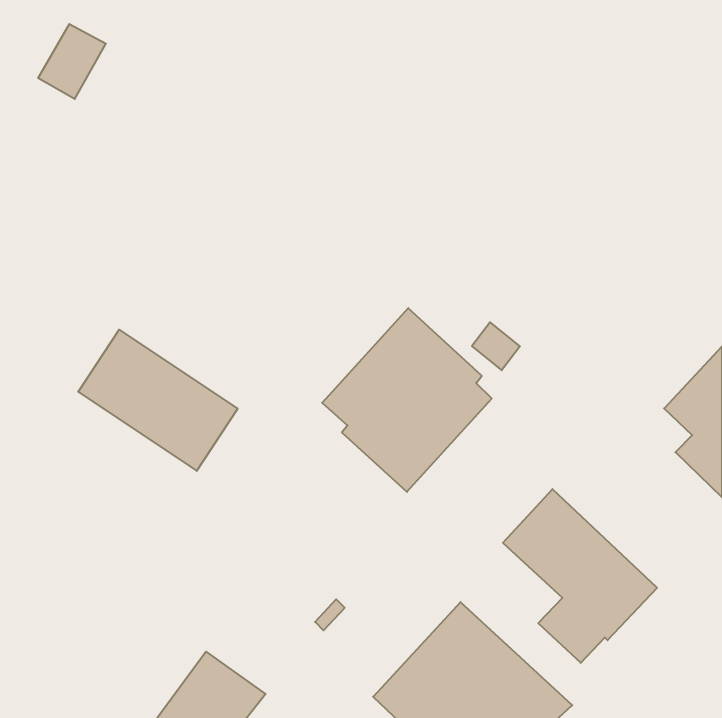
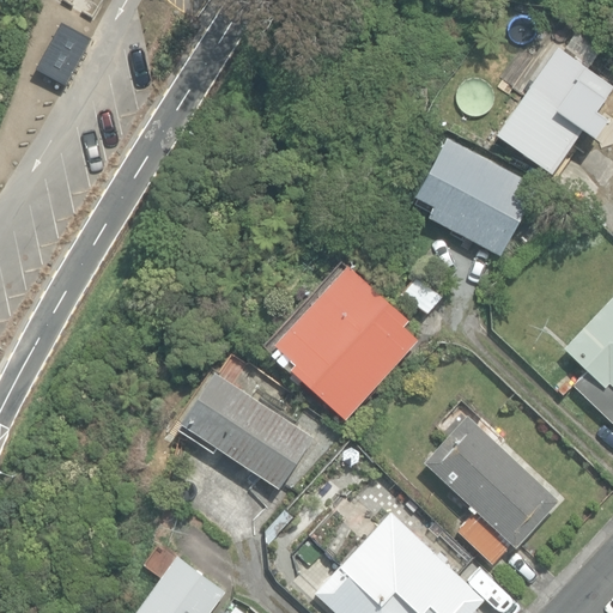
building: none -> [497,54,607,172]
building: none -> [414,136,539,257]
building: [78,330,238,471] -> [180,370,315,490]

